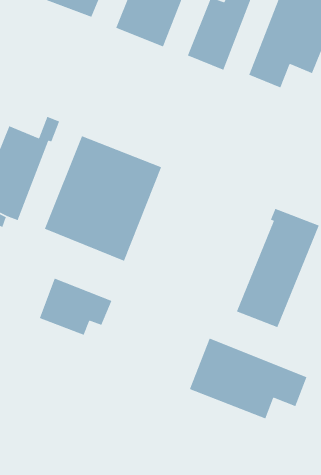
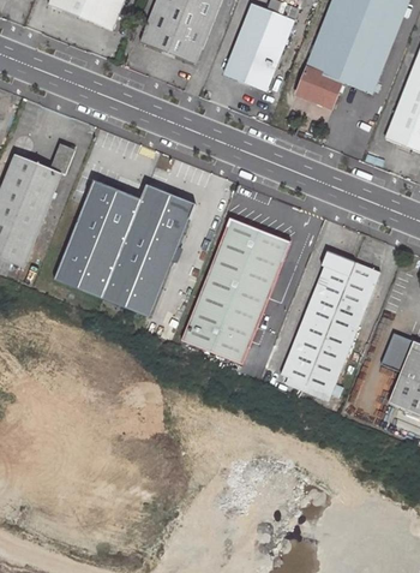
building: none -> [182,219,289,362]
building: [39,278,113,336] -> none
building: [189,338,307,419] -> none

